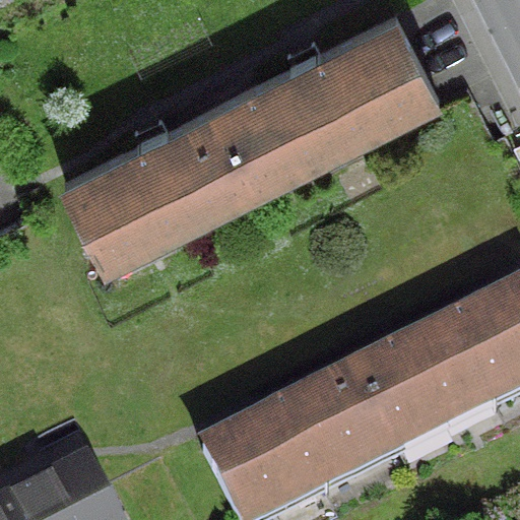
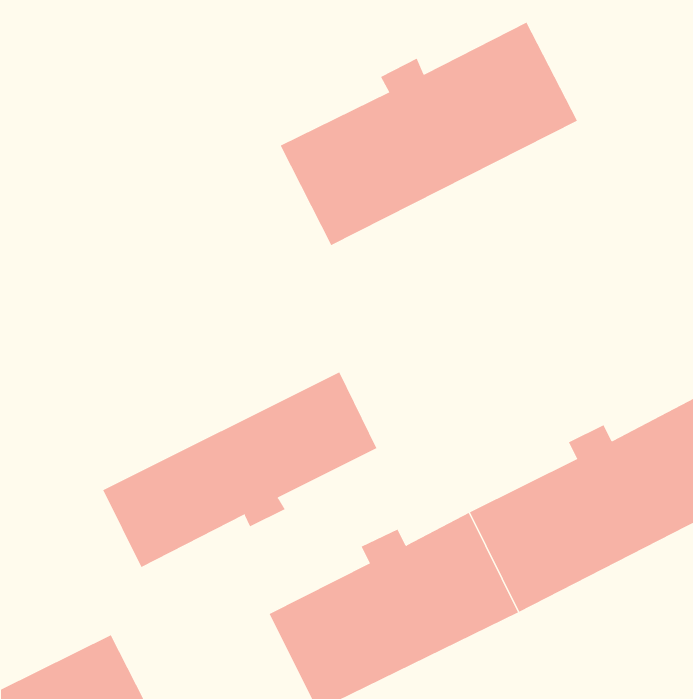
building: [65,110,251,258] -> none
building: none -> [102,371,377,568]

